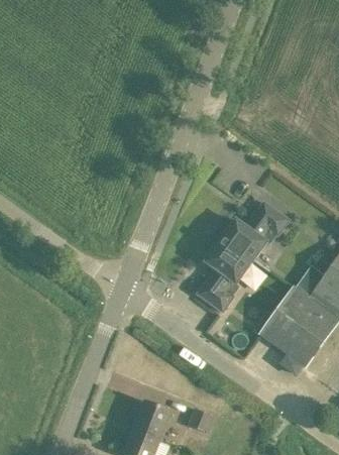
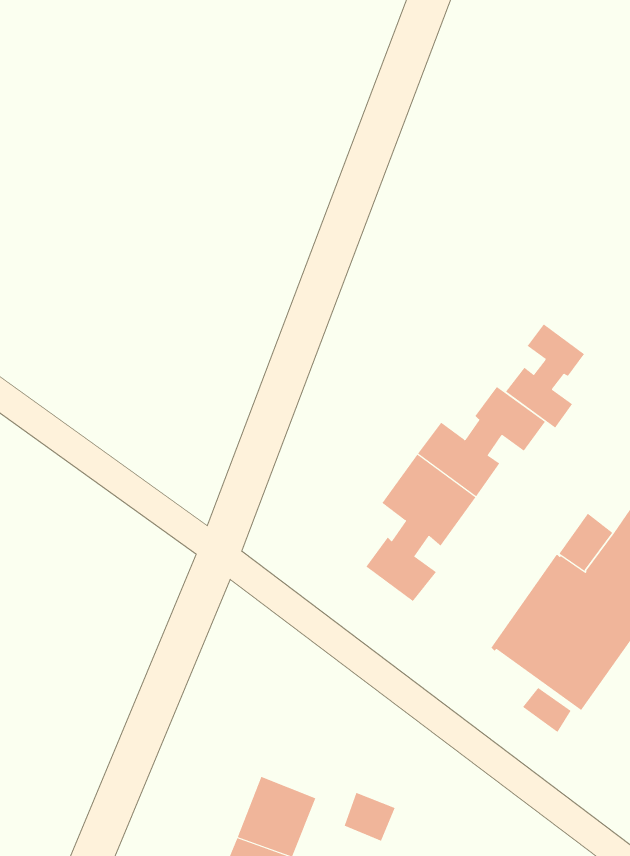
building: none -> [505,323,585,428]

